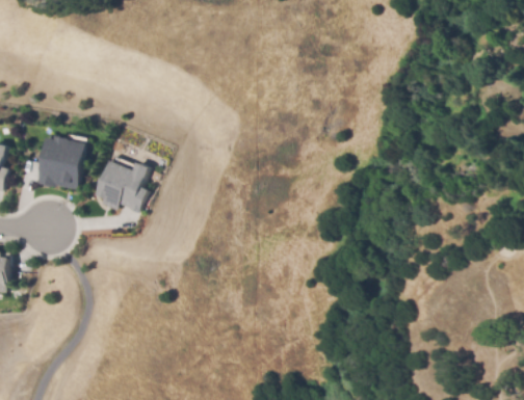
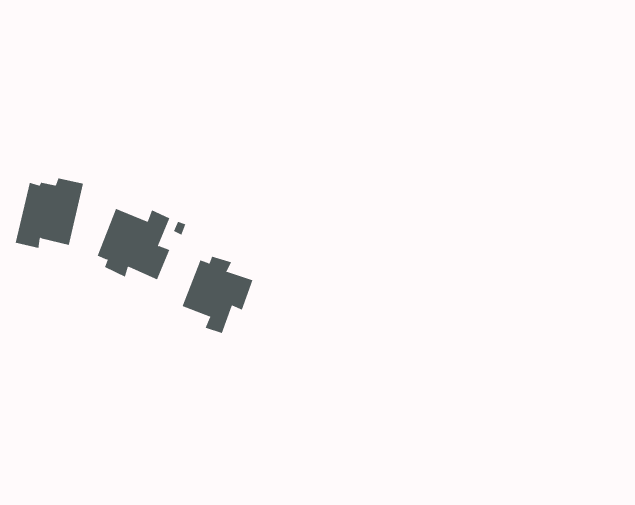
building: none -> [182,256,253,334]

